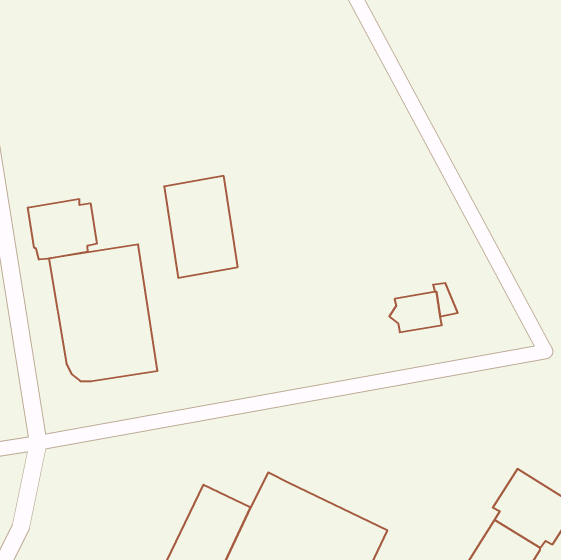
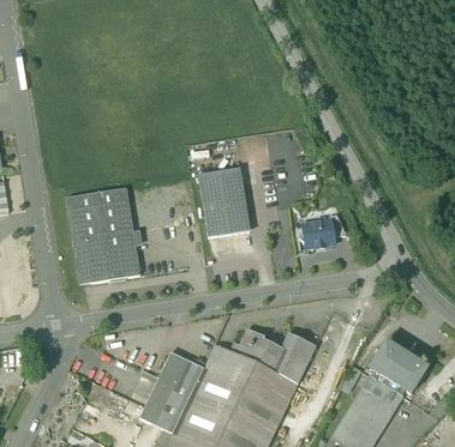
building: [164,176,238,278] -> [198,168,249,237]
building: [28,199,97,260] -> none
building: none -> [229,328,315,383]

